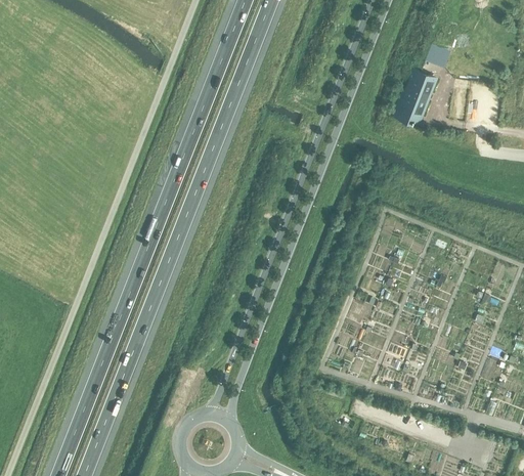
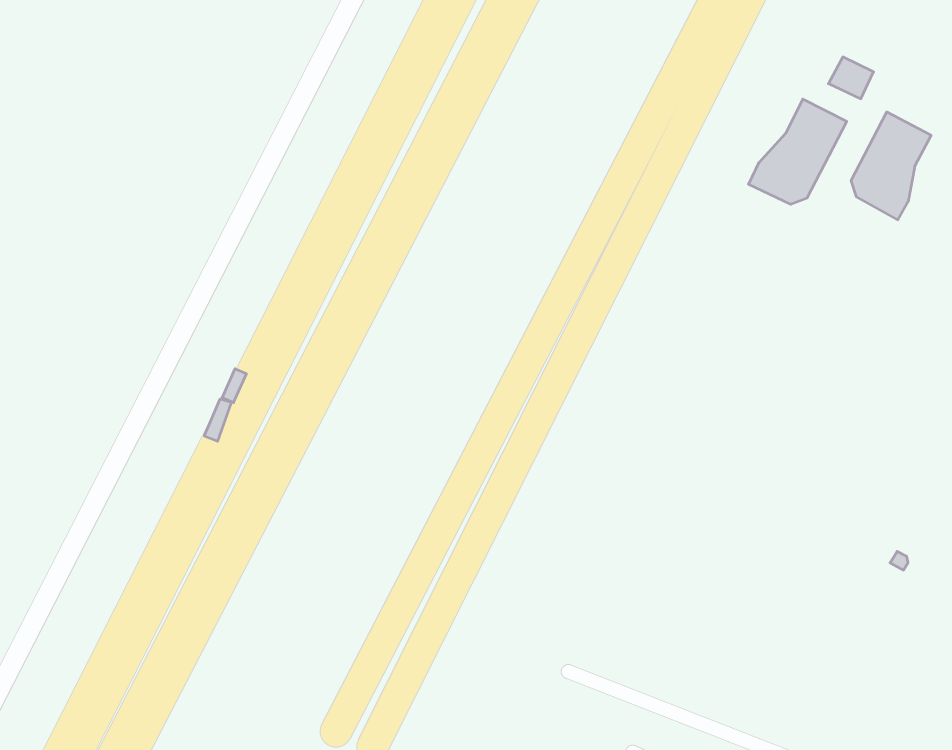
building: none -> [851,112,931,220]

